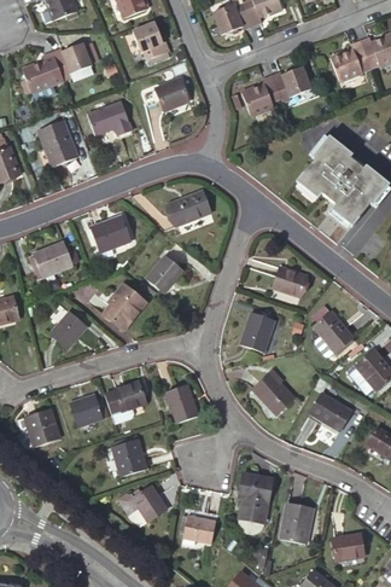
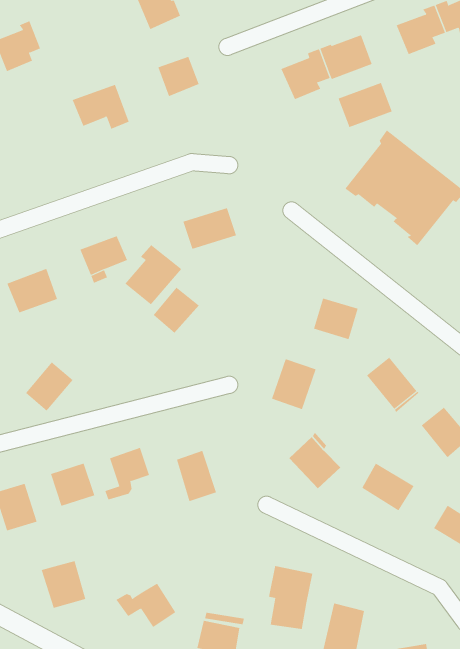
building: [52,40,92,71] -> none
building: none -> [338,82,393,128]
building: [35,120,74,165] -> none
building: [104,284,148,331] -> [125,244,182,305]
building: [110,438,145,476] -> [41,560,86,609]

